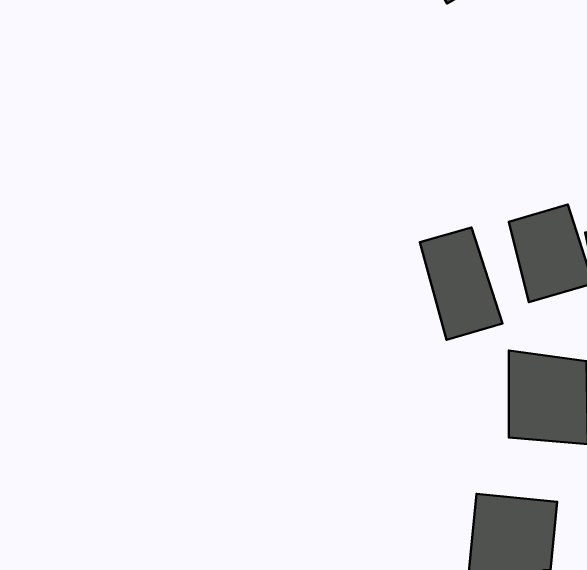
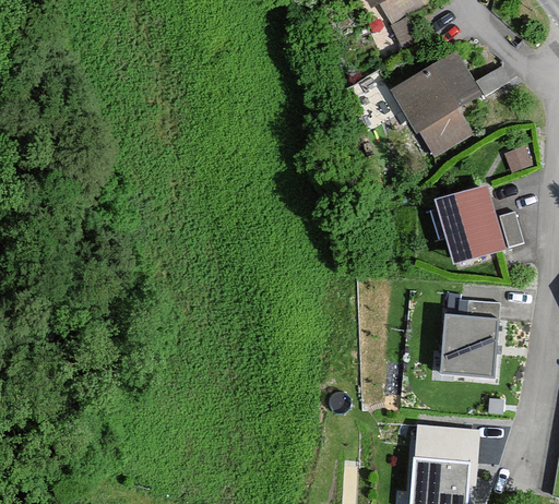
building: none -> [391,51,480,157]
building: [420,228,503,340] -> none

